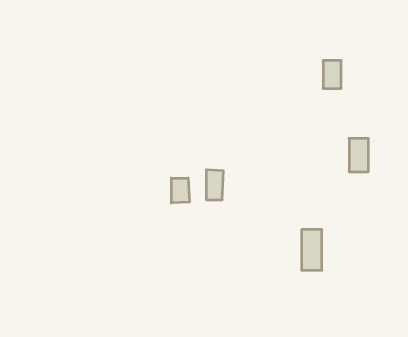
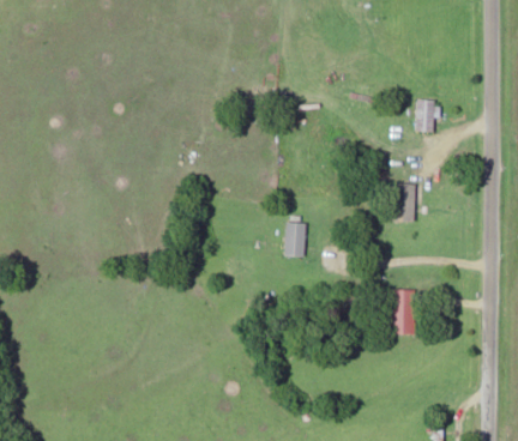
building: [349,138,368,172] -> [393,183,415,221]
building: [171,178,189,203] -> none

